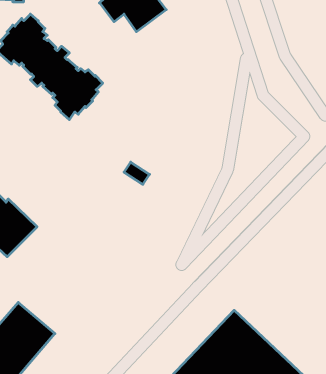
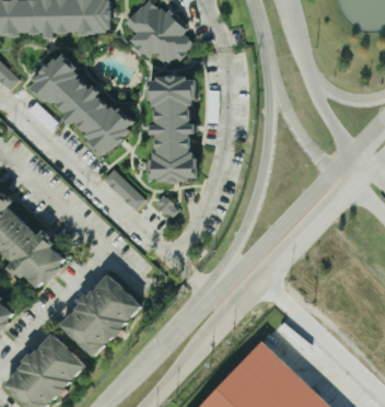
building: none -> [145,72,197,181]
building: none -> [102,170,144,211]
building: none -> [58,275,142,358]

